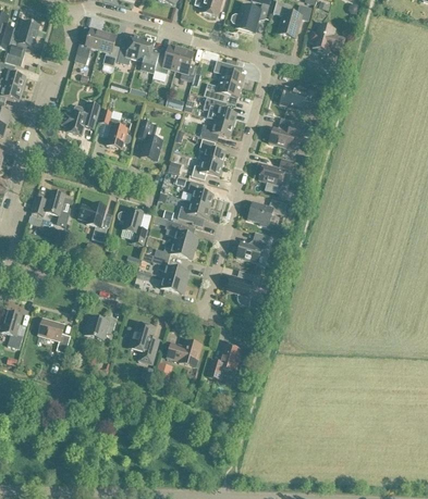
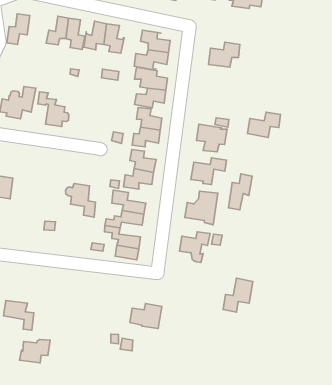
building: [98,30,119,66] -> none
building: [137,120,162,160] -> none
building: [269,123,305,149] -> [248,112,280,137]
building: [77,202,107,241] -> none
building: none -> [229,174,252,210]
building: [83,315,117,339] -> [20,339,50,363]
building: [129,323,159,363] -> none
building: [207,345,241,379] -> [223,278,253,312]

